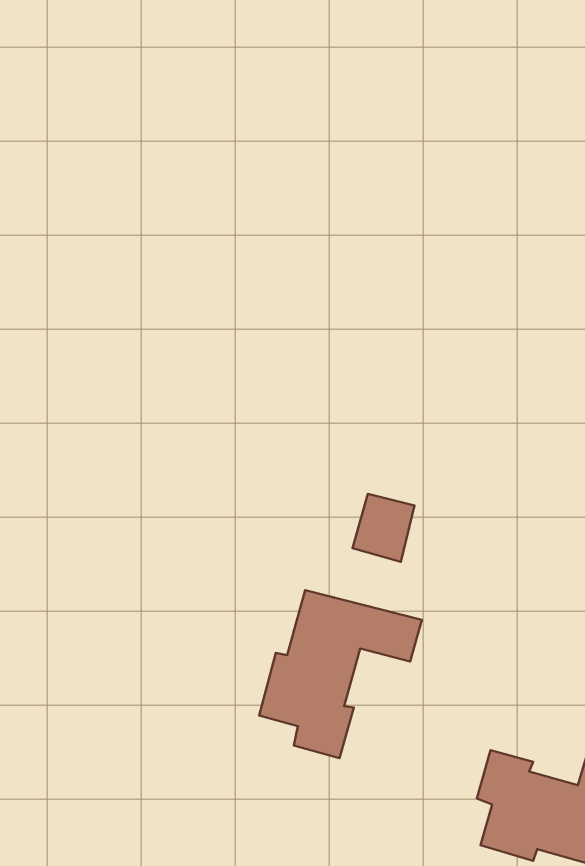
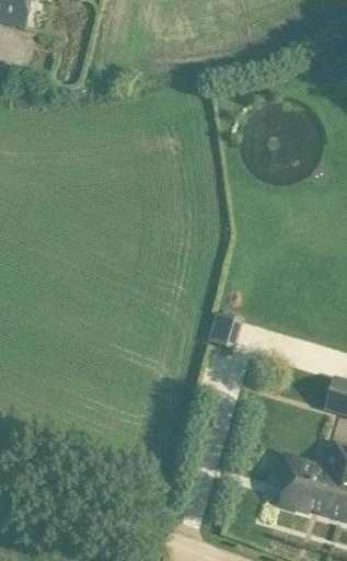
building: [259,590,422,758] -> none

